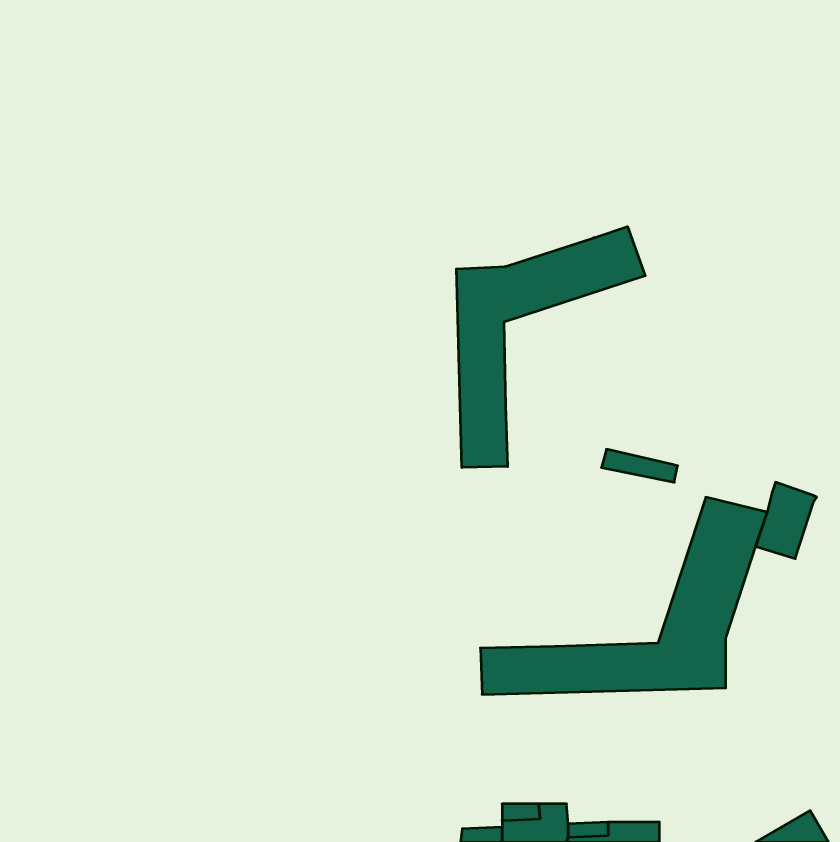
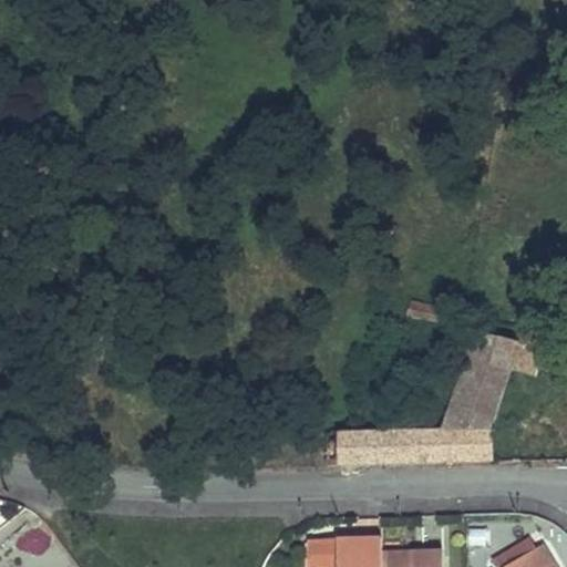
building: [456,227,645,468] -> none

